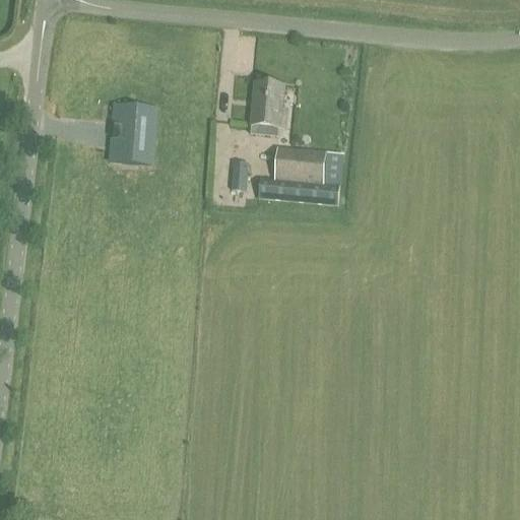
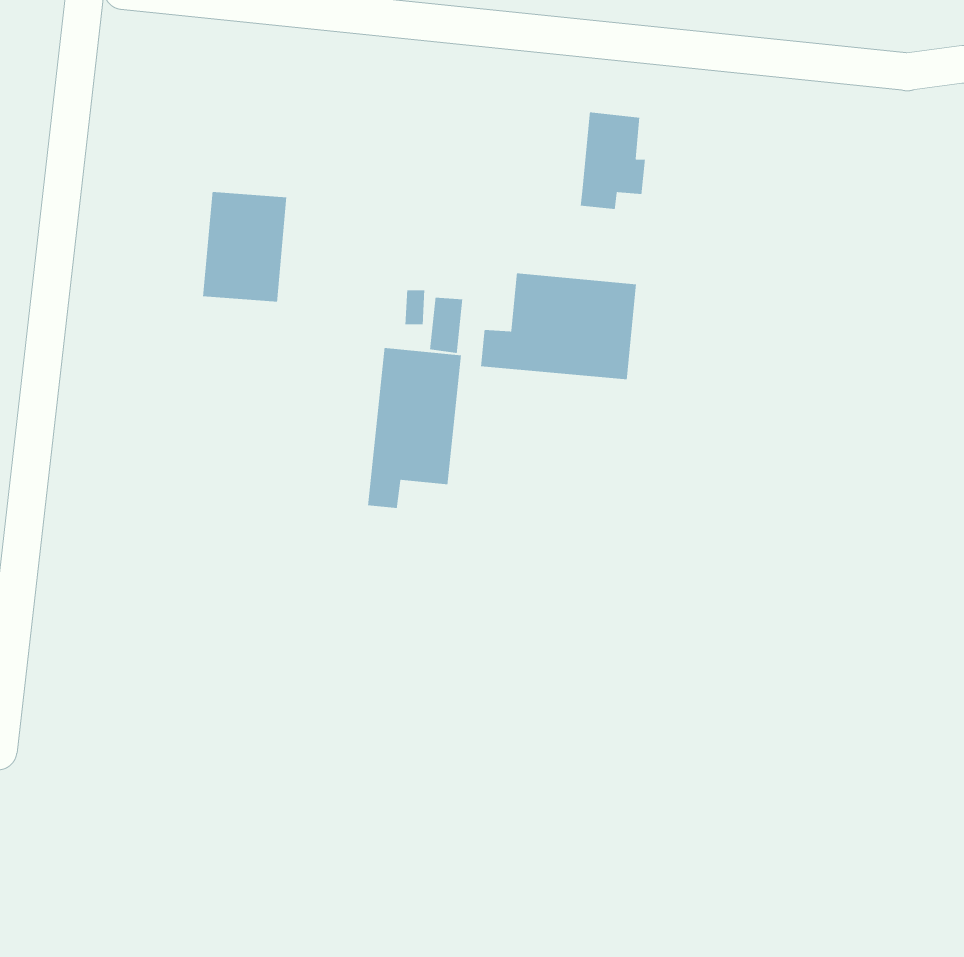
building: [251,81,286,134] -> [580,112,646,210]
building: none -> [367,347,462,509]

